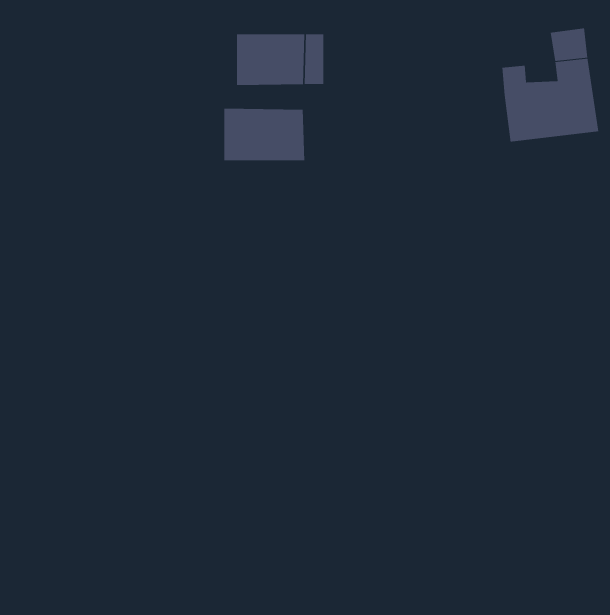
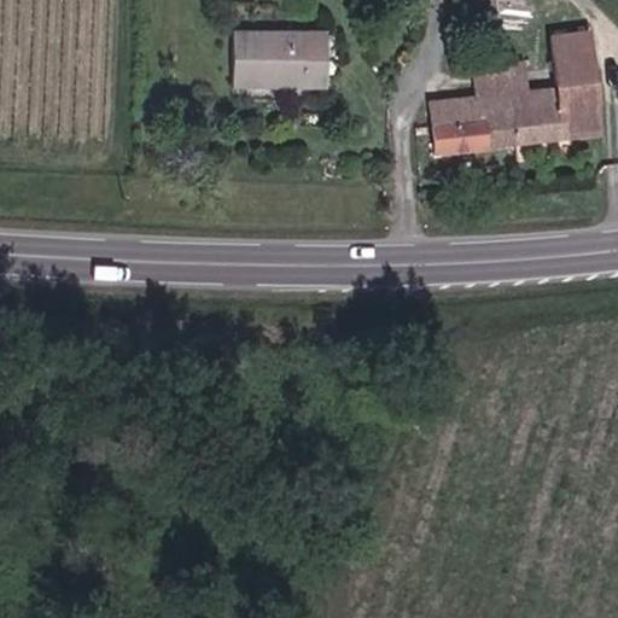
building: none -> [432,97,511,153]
building: [224,108,305,161] -> none

